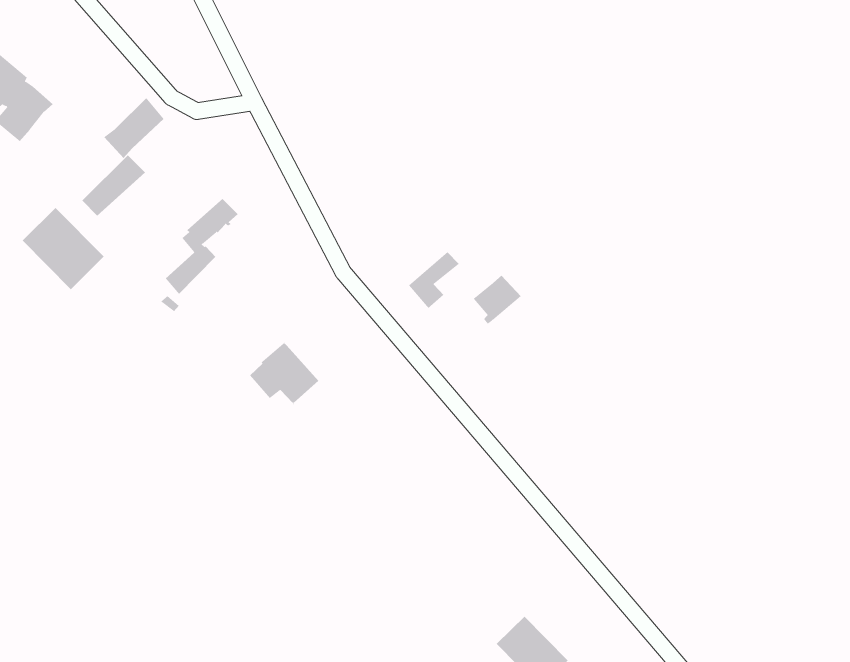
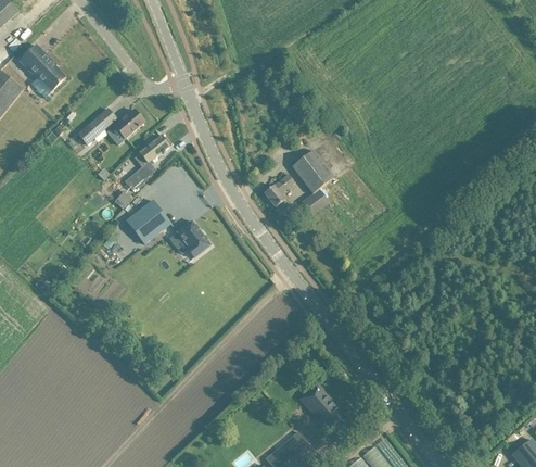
building: [103,97,165,159] -> [107,108,143,142]
building: [22,207,104,290] -> none
building: none -> [291,149,333,192]
building: none -> [125,199,170,242]

